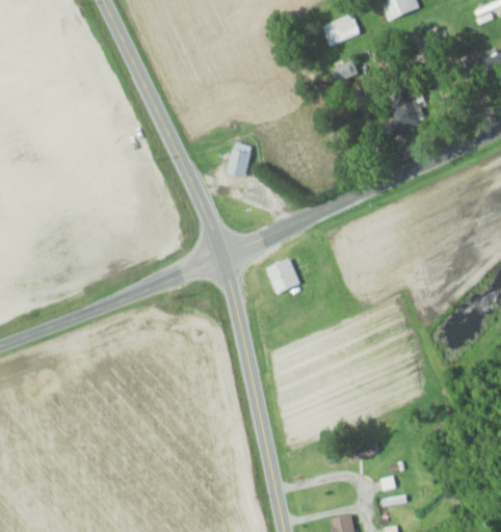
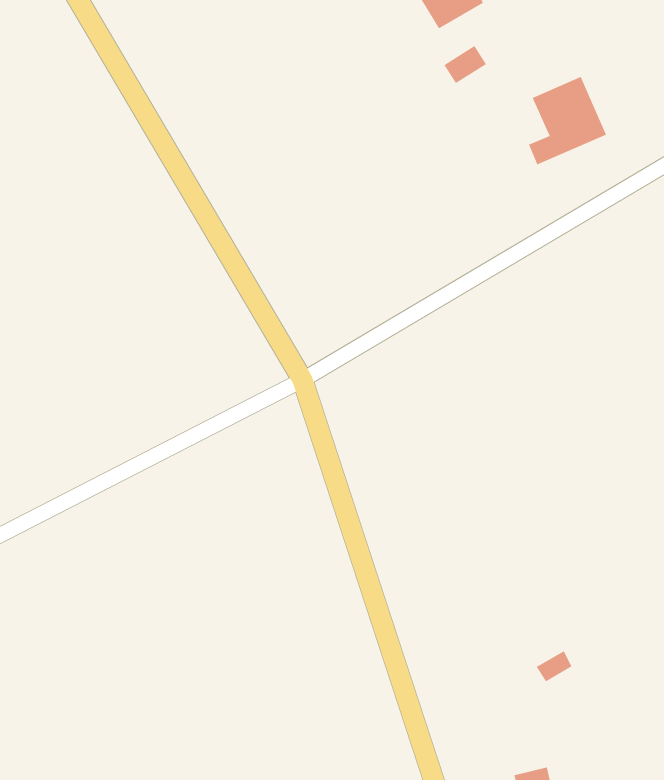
building: [227,142,252,178] -> none
building: [265,258,301,295] -> none

